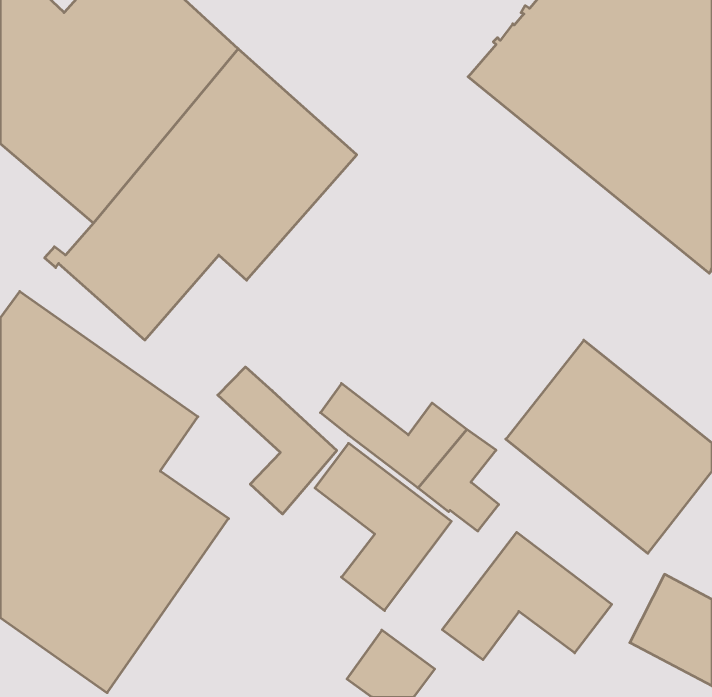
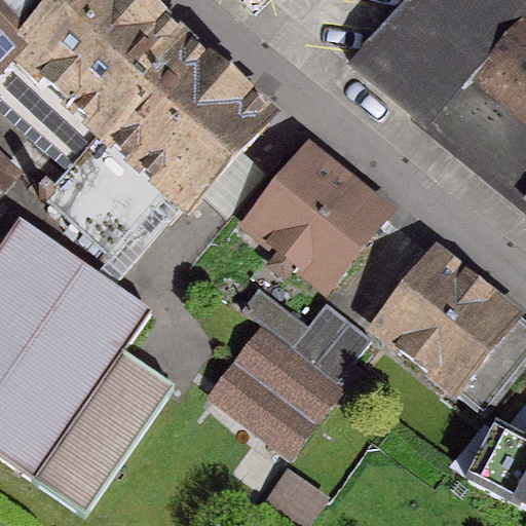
building: none -> [245,148,379,283]
building: [218,367,337,514] -> none
building: [442,532,612,660] -> none

